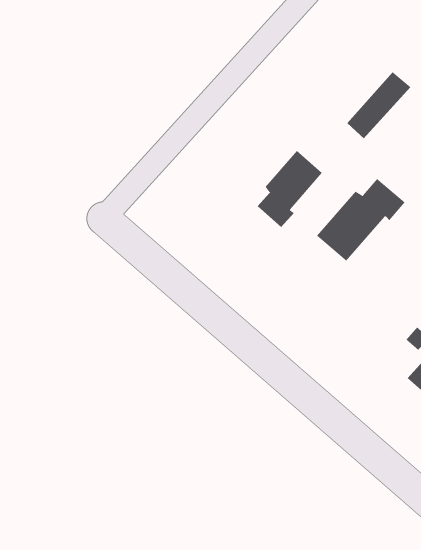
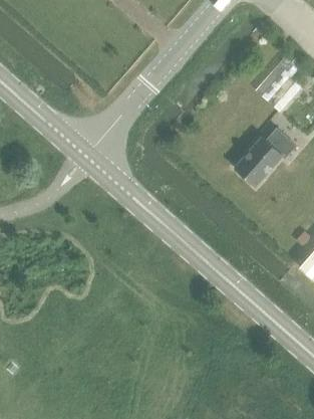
building: [257,150,323,228] -> none

